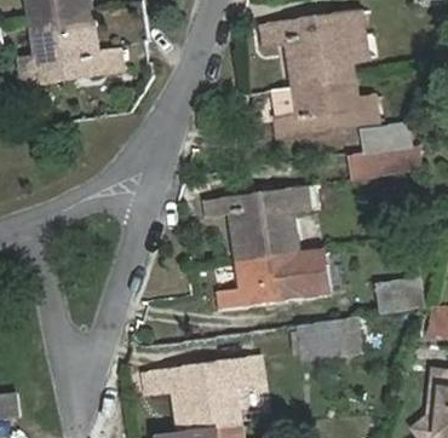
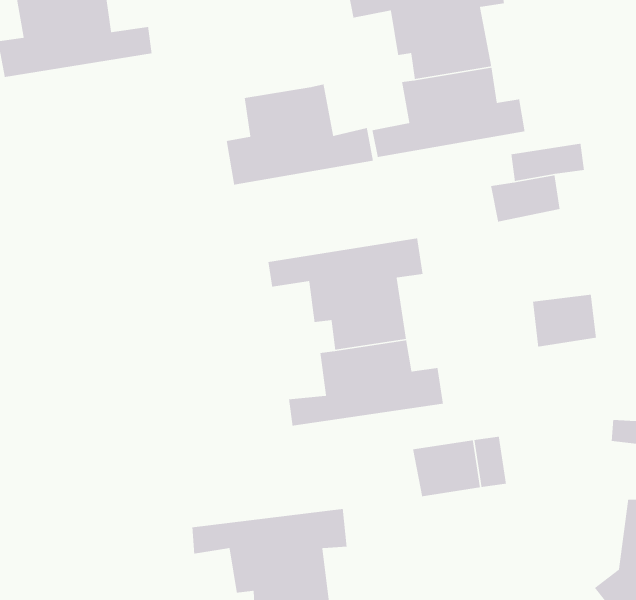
building: none -> [226,84,374,186]
building: [377,278,419,313] -> [532,294,597,347]

